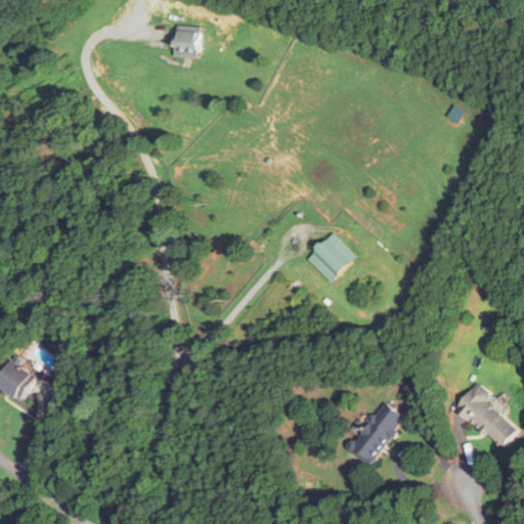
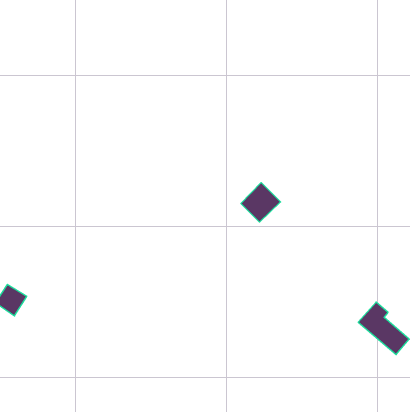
building: [173,25,198,56] -> none
building: [347,401,404,466] -> none

